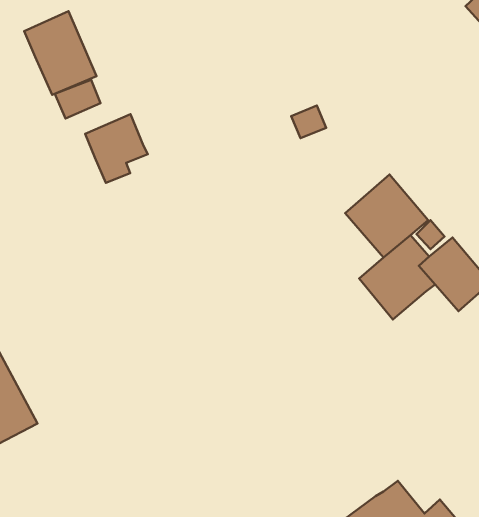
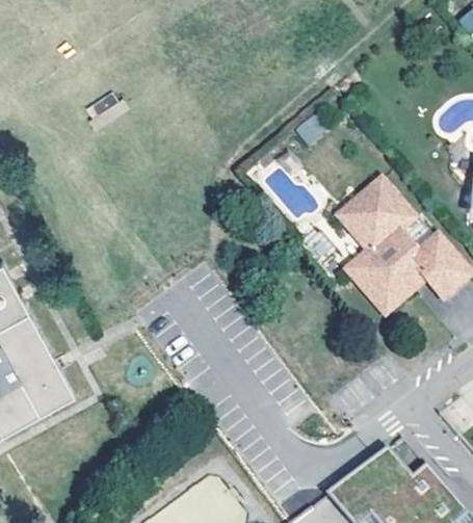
building: [24,11,96,95] -> none
building: [85,114,148,183] -> none
building: none -> [338,211,444,314]

